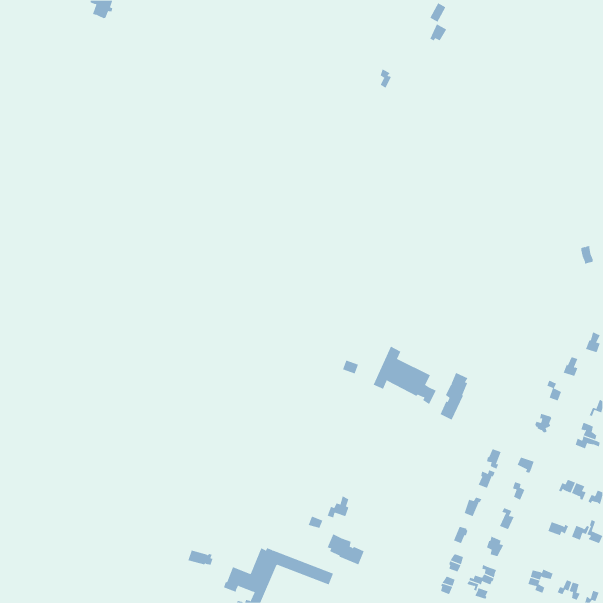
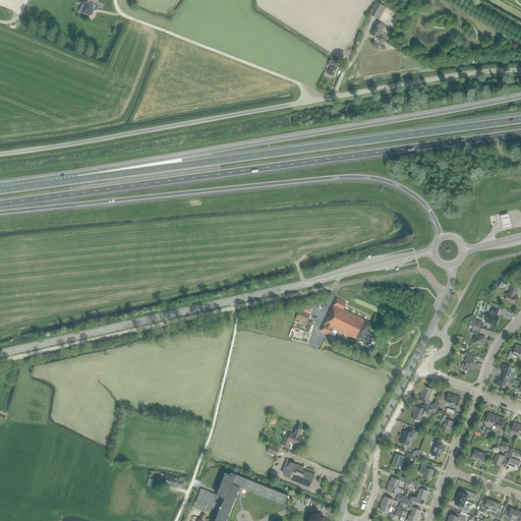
building: [440,372,468,420] -> none

